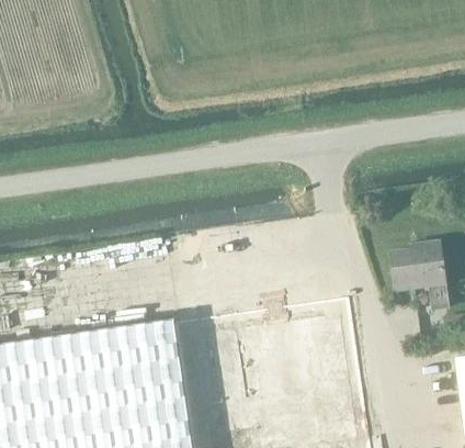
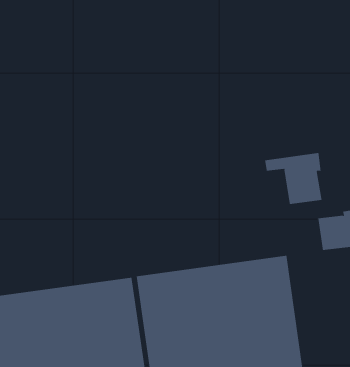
building: none -> [264,152,322,205]

